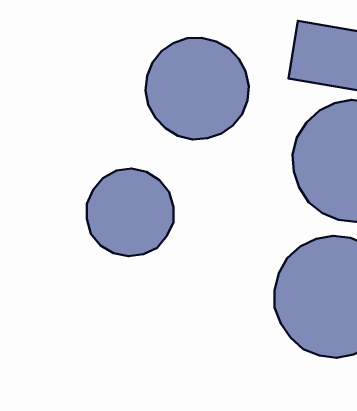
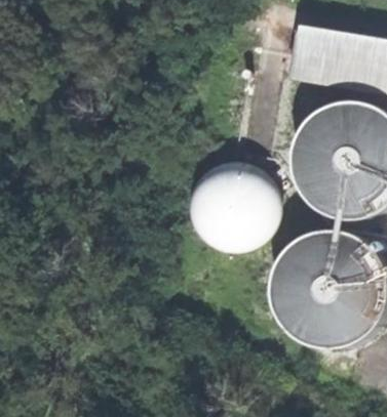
building: [146,38,249,139] -> none
building: [87,169,173,256] -> [193,167,276,251]

